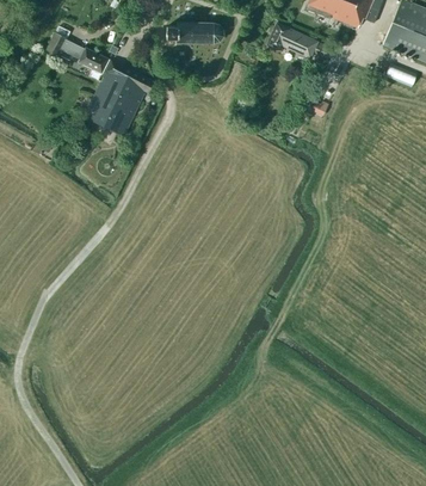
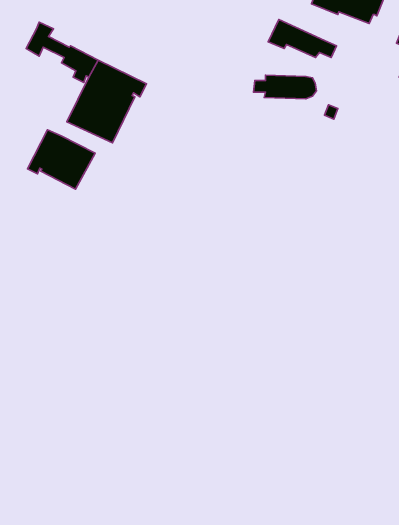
building: [166,21,223,43] -> [254,75,316,99]
building: none -> [28,130,95,189]

